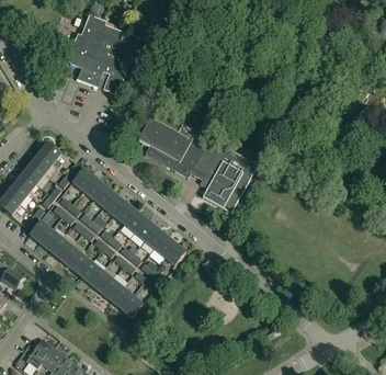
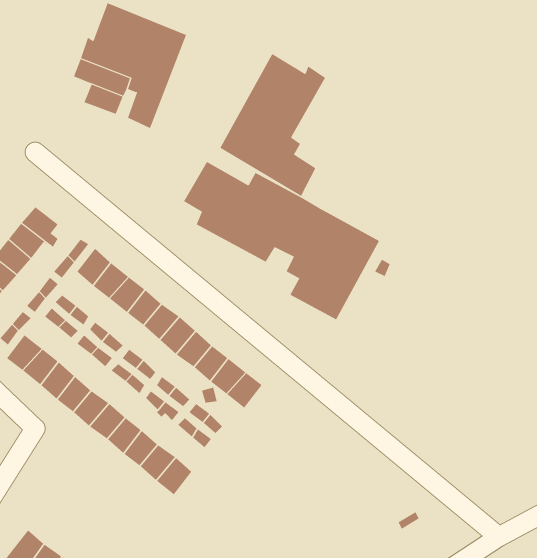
building: none -> [219,53,326,197]

